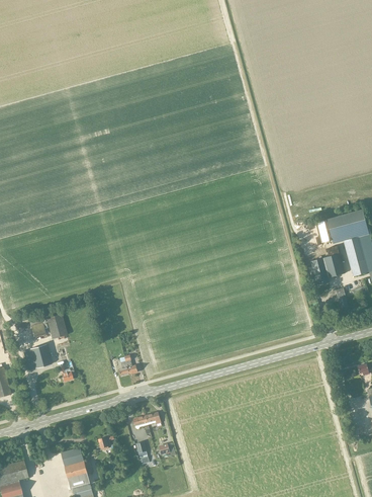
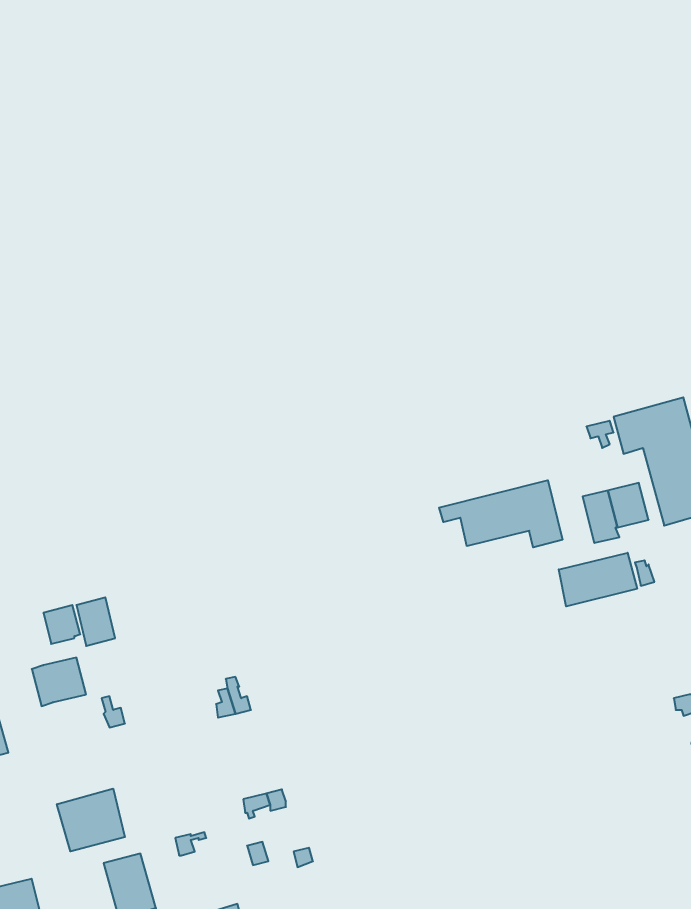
building: none -> [439,480,562,547]
building: none -> [559,553,637,606]
building: none -> [57,789,125,851]

